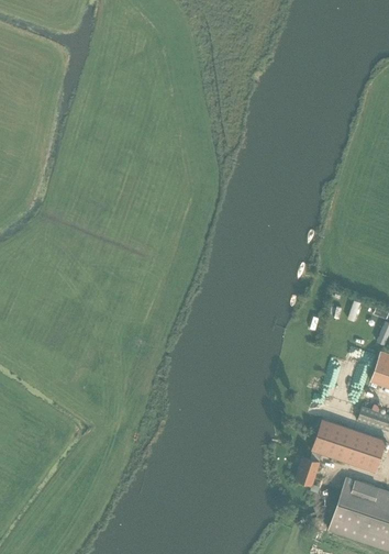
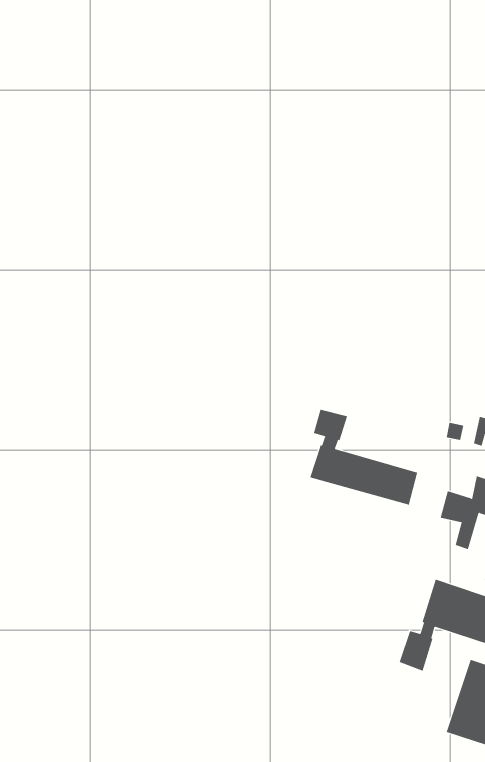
building: none -> [310,409,418,506]

